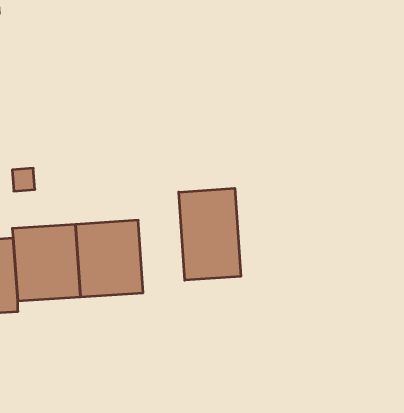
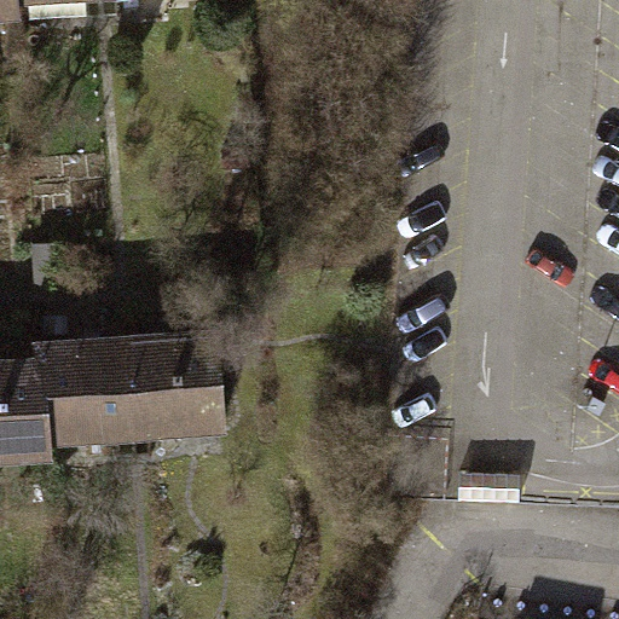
building: [179,188,241,280] -> none

